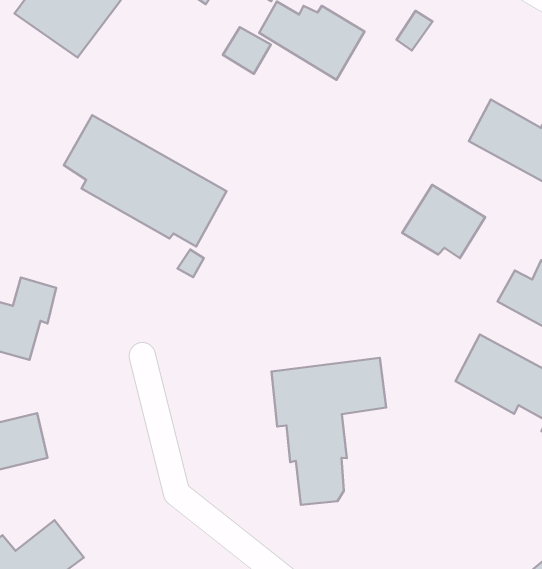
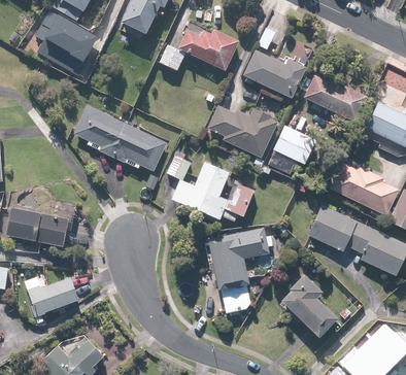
building: none -> [243,50,307,100]
building: none -> [207,105,276,160]
building: none -> [166,156,256,221]
building: none -> [277,275,339,338]

